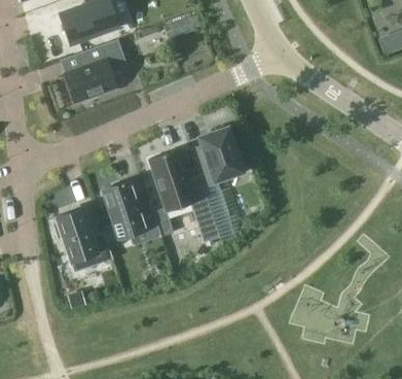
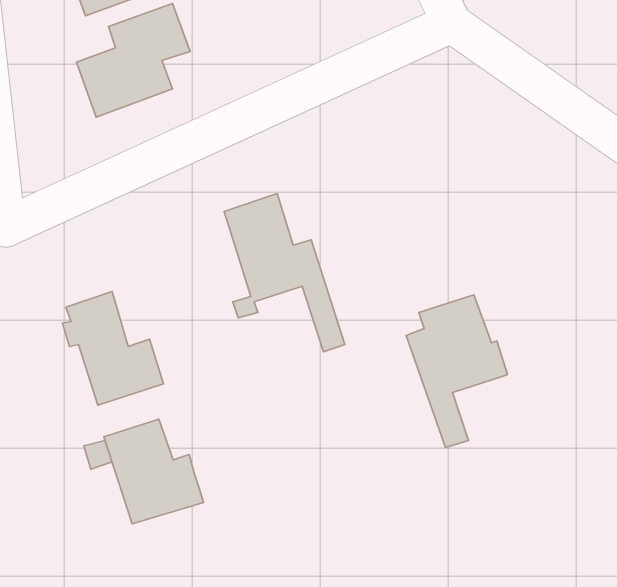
building: [190,126,249,214] -> [406,295,508,447]
building: [101,180,158,241] -> [104,419,203,524]

